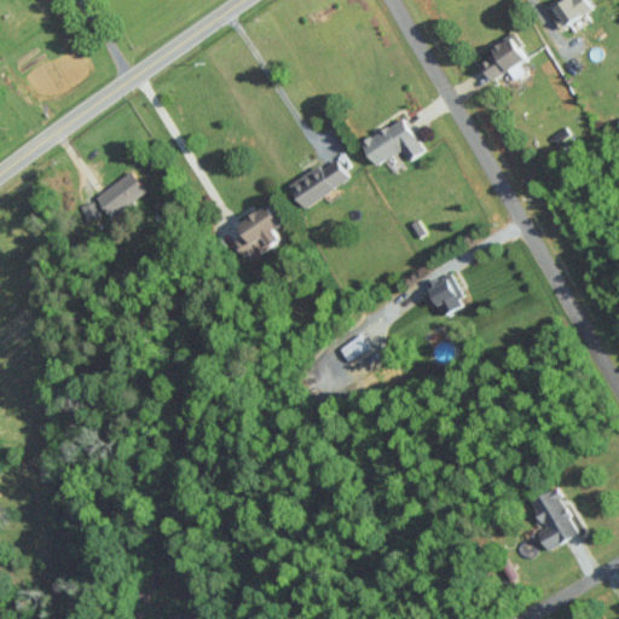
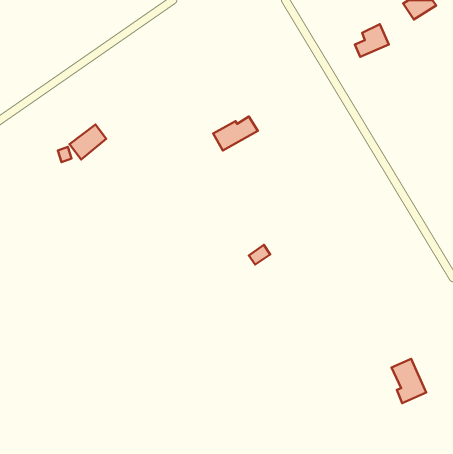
building: [361,116,424,166] -> none
building: [232,204,283,256] -> none
building: [427,272,464,316] -> none

